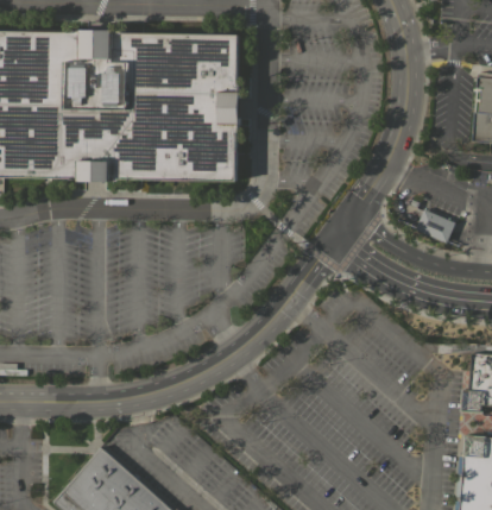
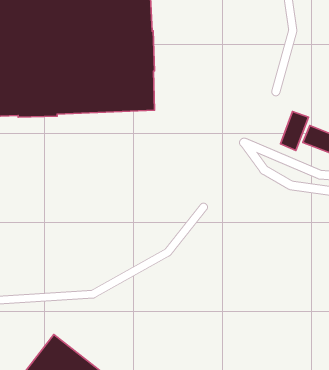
building: none -> [280,112,309,151]

